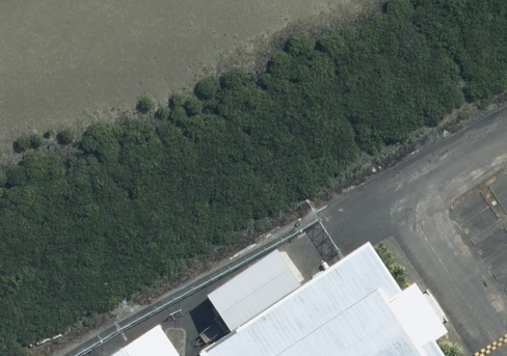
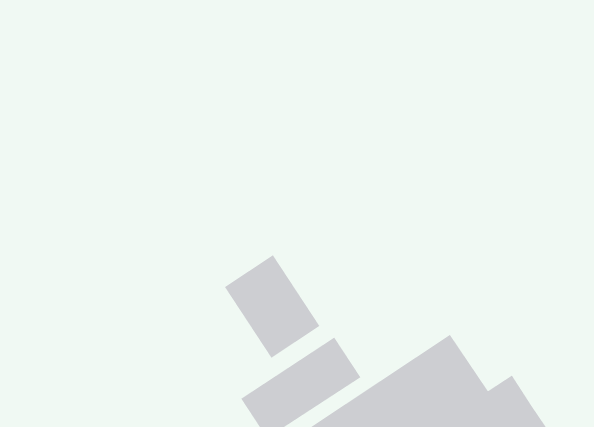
building: none -> [224,254,321,359]

